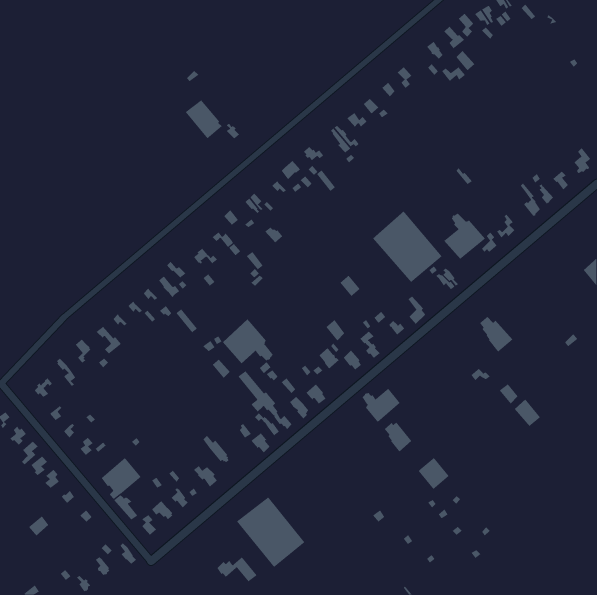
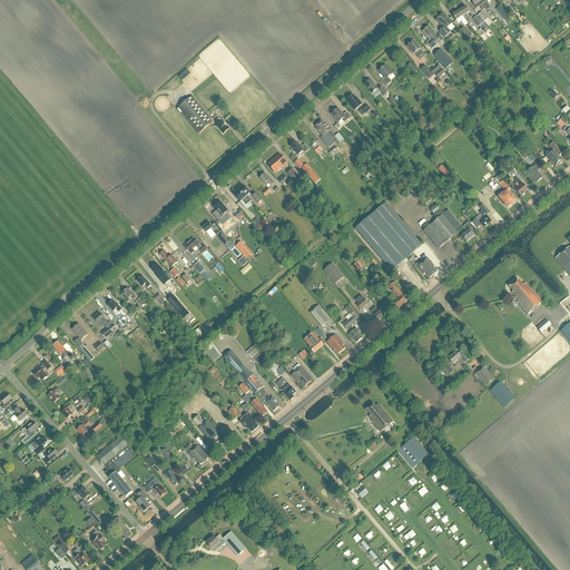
building: [479,316,513,352] -> [509,278,541,313]
building: [222,319,273,364] -> none
building: [362,388,401,423] -> none
building: [236,496,305,568] -> none

